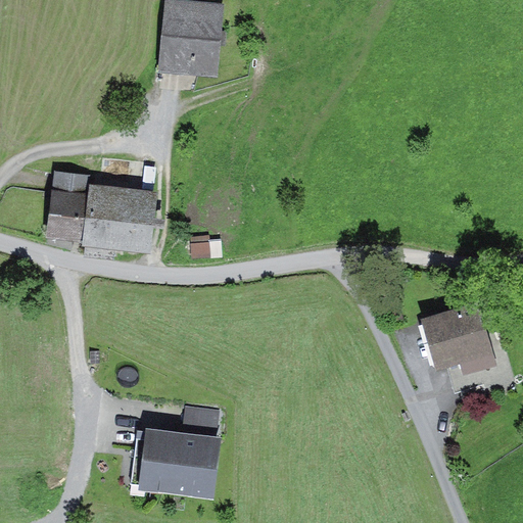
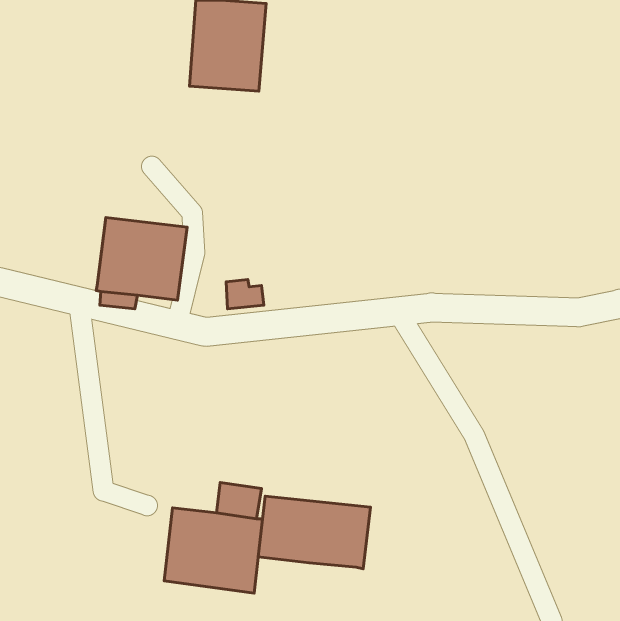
building: [46,171,90,240] -> none
building: [421,302,495,374] -> none
building: none -> [258,496,371,569]

